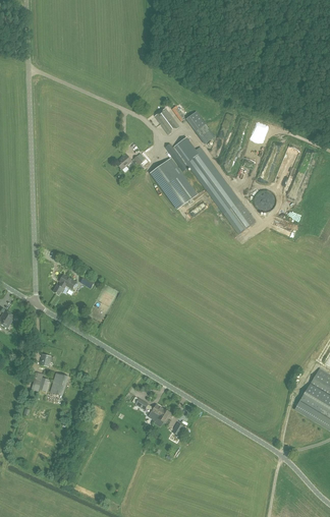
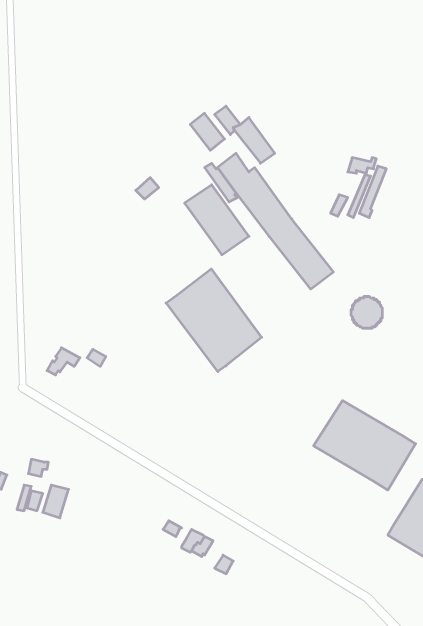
building: [252,189,274,212] -> [351,297,382,328]
building: none -> [166,269,262,372]
building: none -> [314,401,416,490]

